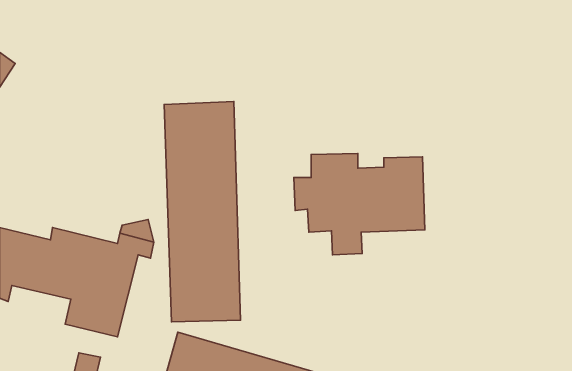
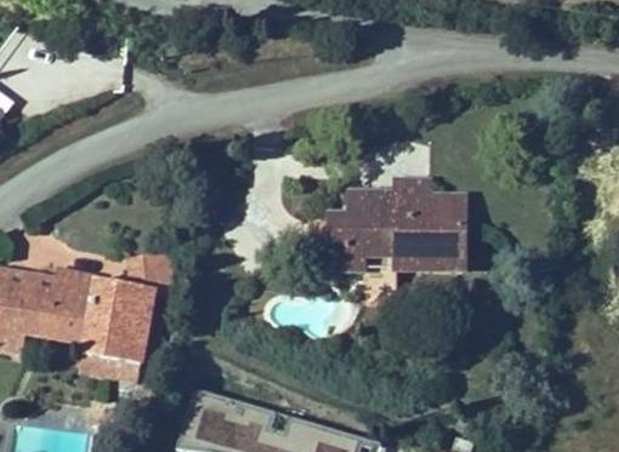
building: [164,101,241,322] -> none

